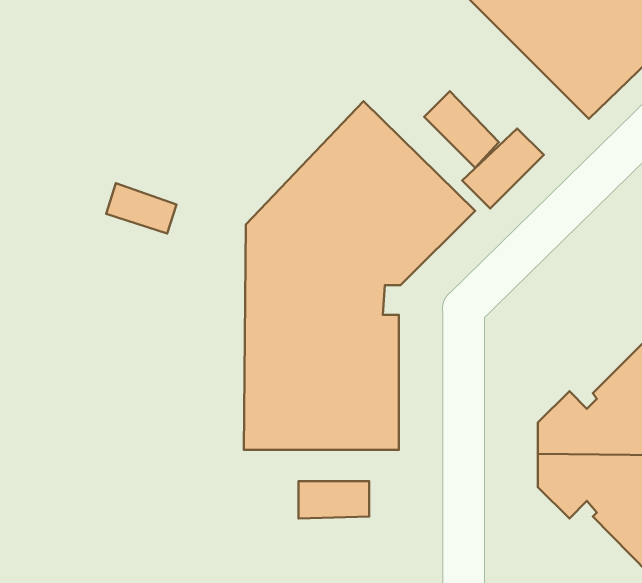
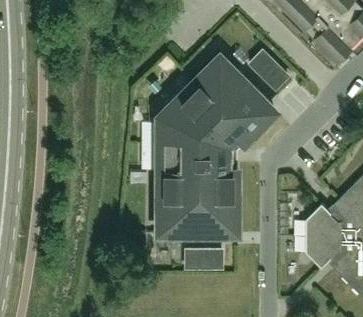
building: [462,128,544,208] -> none
building: [106,183,177,233] -> none

